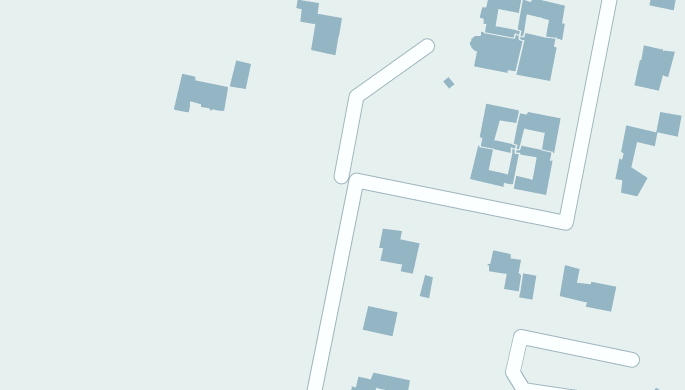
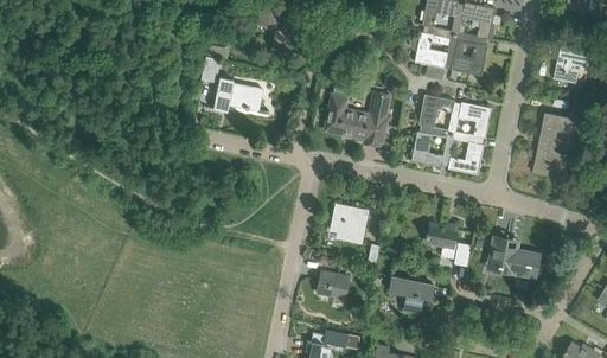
building: [173,73,229,113] -> [213,77,262,111]
building: none -> [325,91,390,146]
building: none -> [389,276,433,314]

